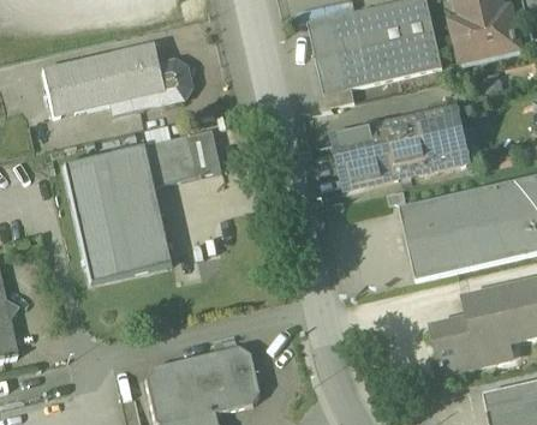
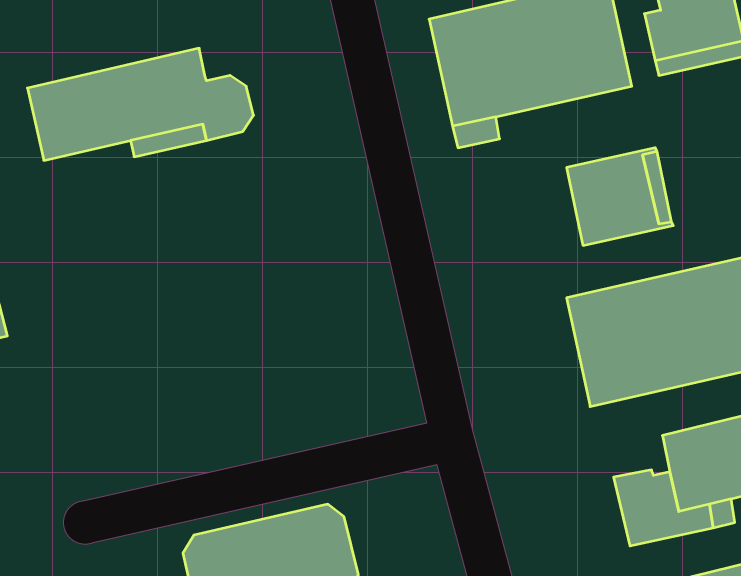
building: [334,121,411,187] -> none
building: [64,128,222,281] -> none

